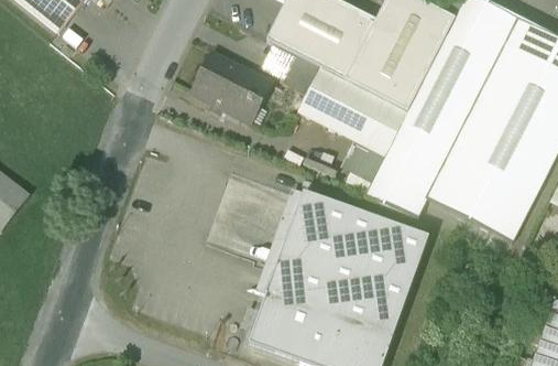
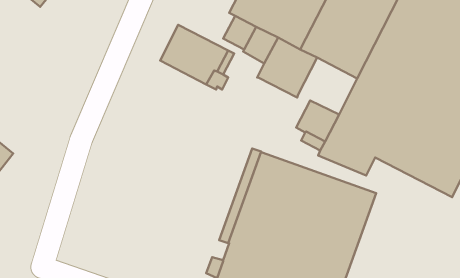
building: [343,86,408,149] -> none

